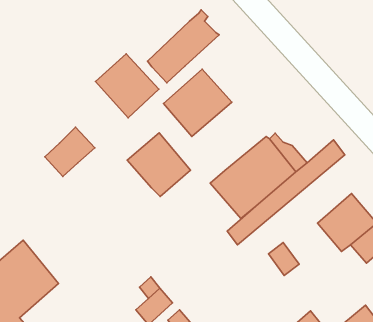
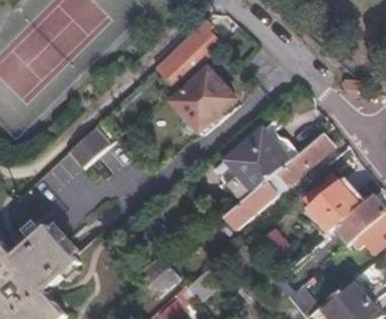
building: [95,54,159,118] -> none
building: [127,133,191,197] -> none

